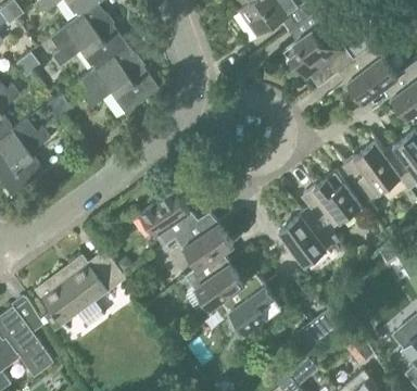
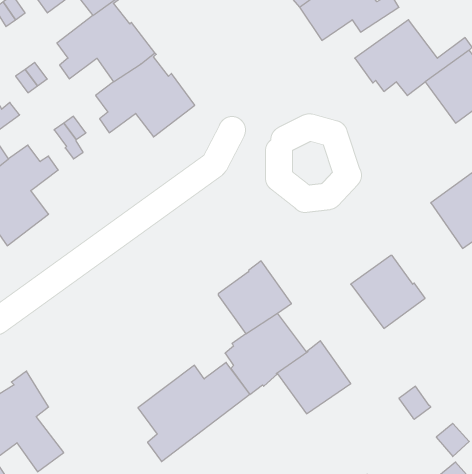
building: [302,172,361,230] -> none
building: [139,188,199,247] -> none
building: [36,255,124,333] -> [138,362,250,462]

